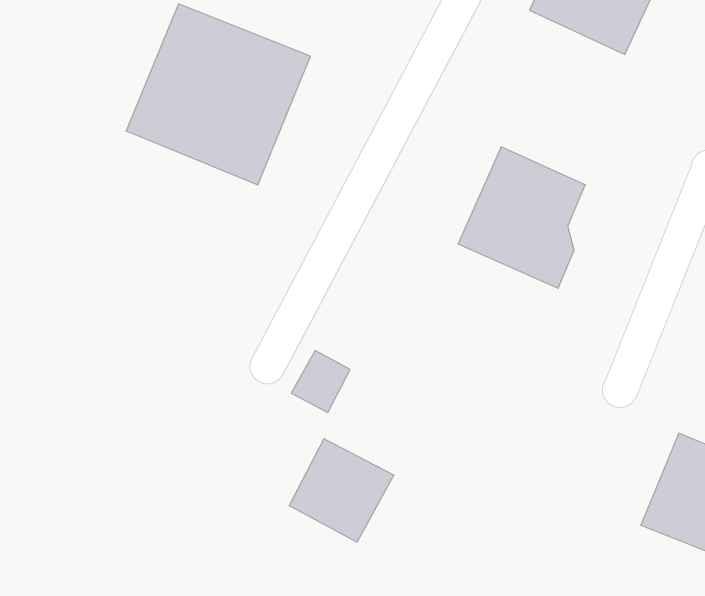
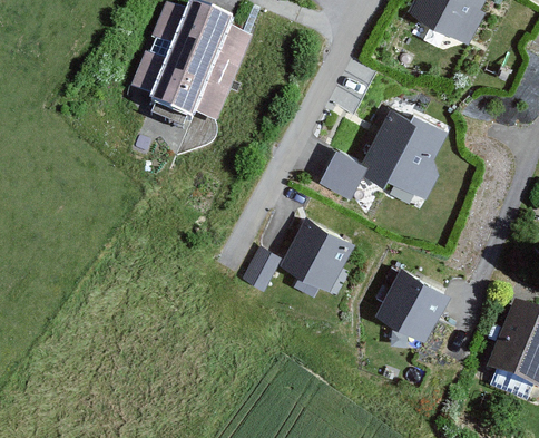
building: none -> [321,150,361,196]
building: none -> [372,270,454,347]
building: [289,439,394,542] -> [284,218,357,291]

